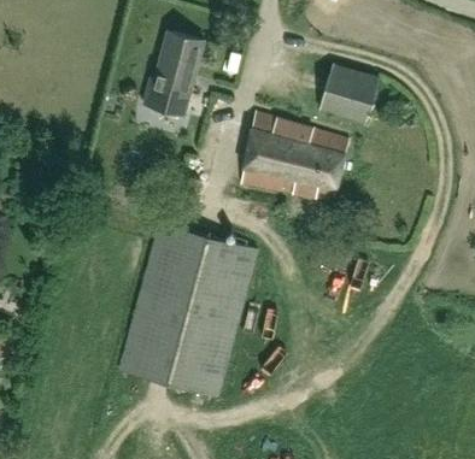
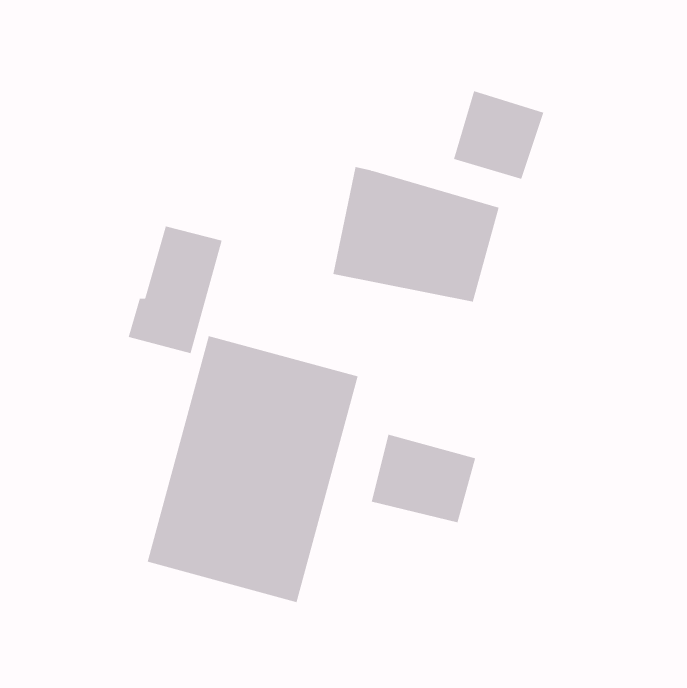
building: [142,31,204,114] -> [128,226,223,354]
building: none -> [371,434,476,523]

